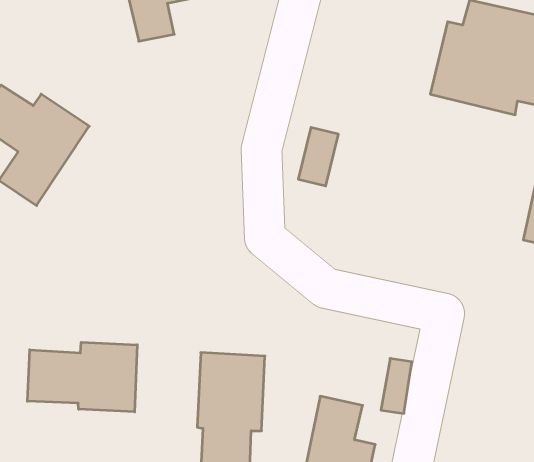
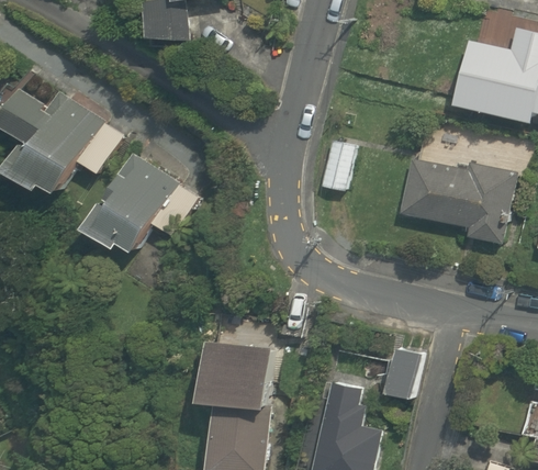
building: none -> [393,149,507,234]
building: none -> [94,160,180,265]
building: [27,342,137,412] -> none

